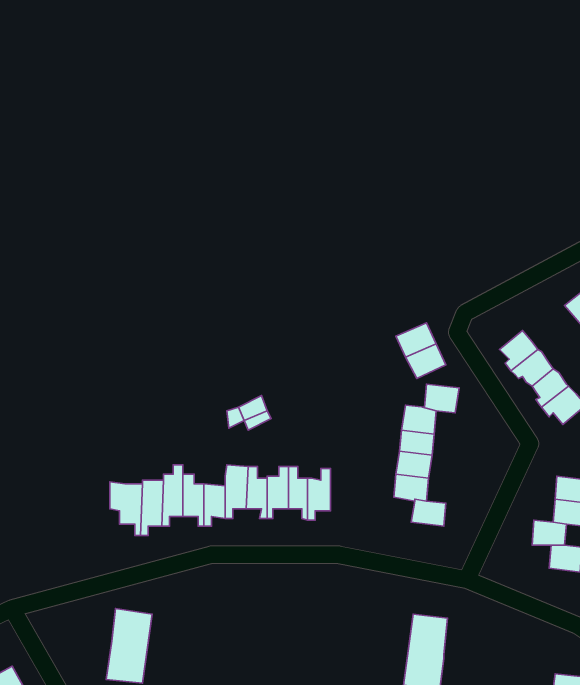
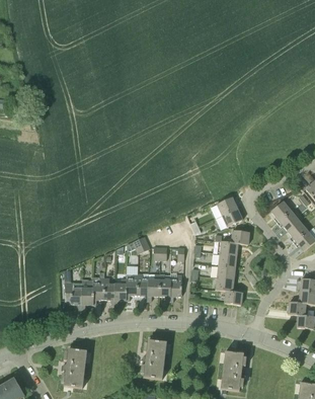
building: none -> [143,340,166,379]

